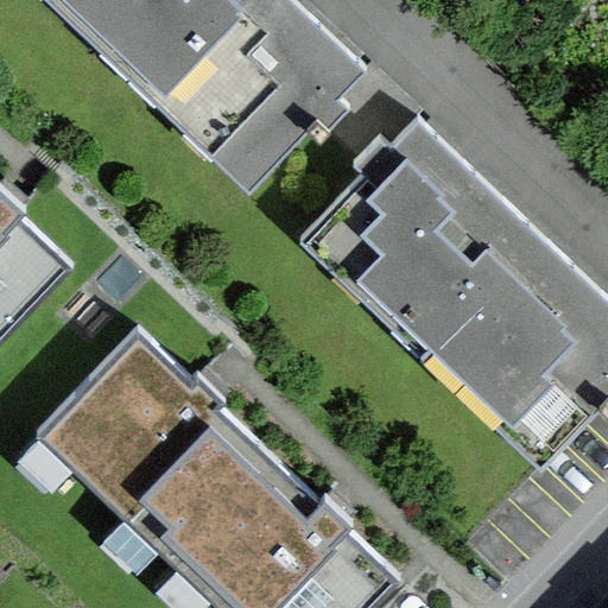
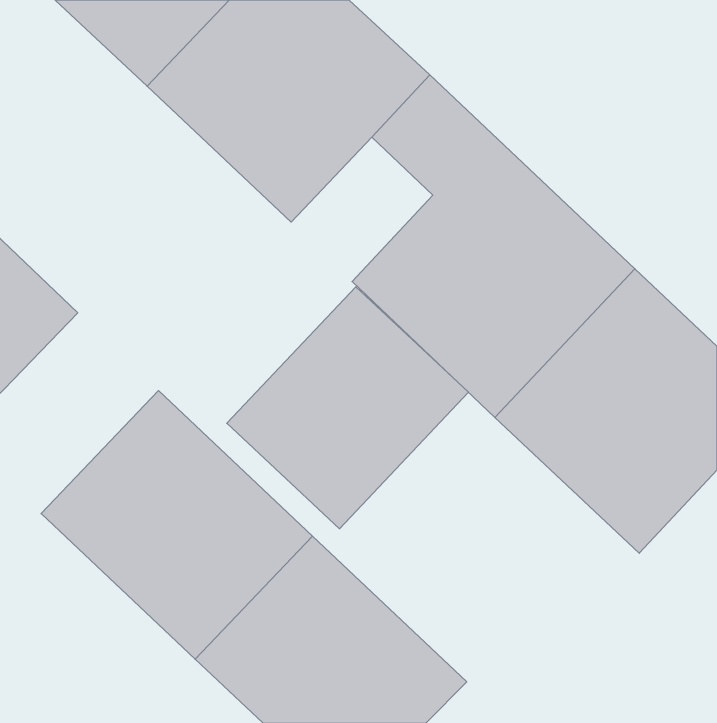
building: none -> [227,287,468,529]

